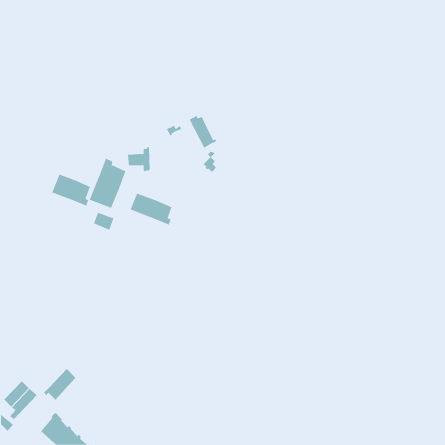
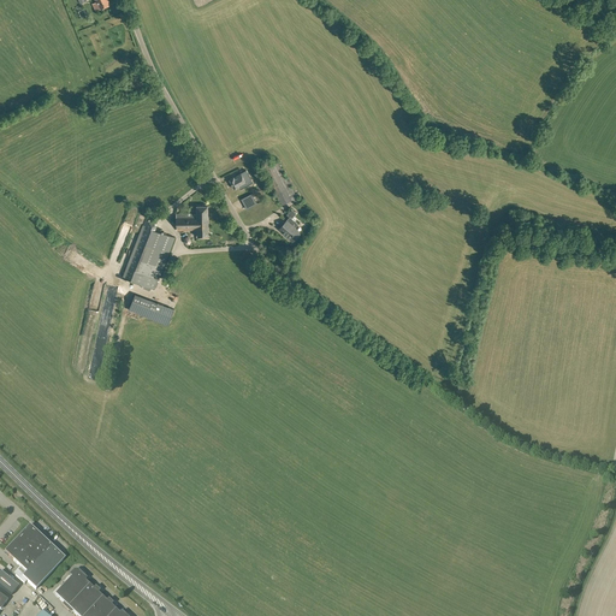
building: [51,174,90,207] -> none
building: [130,193,172,225] -> none
building: [43,368,76,400] -> [19,545,65,590]

